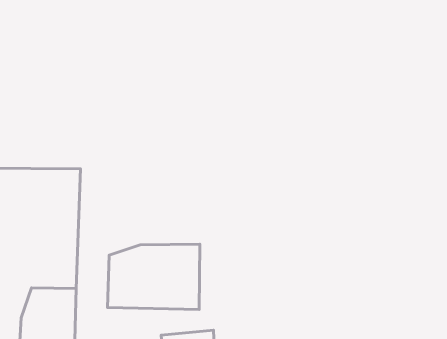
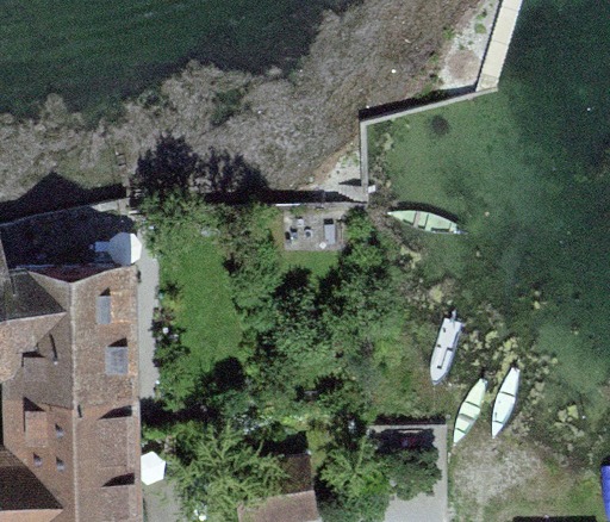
building: [107,244,200,310] -> none

